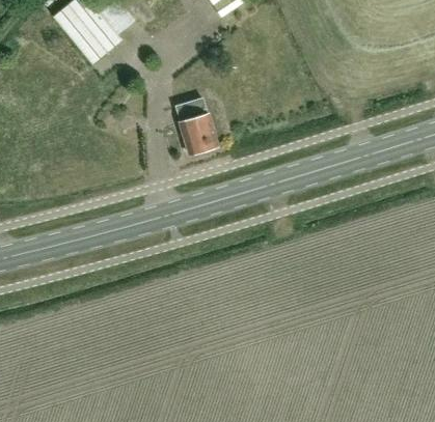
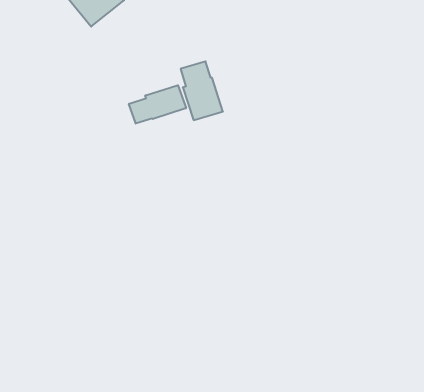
building: none -> [129,85,186,124]

